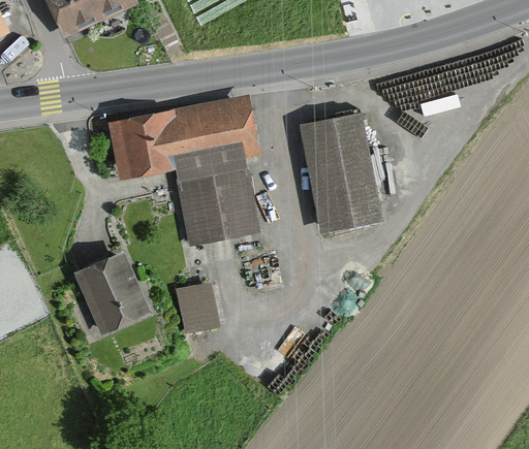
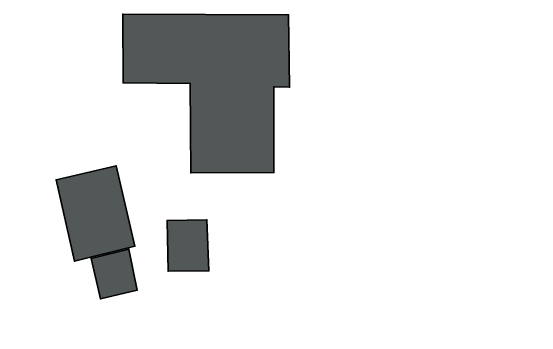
building: [300,115,382,232] -> none
building: none -> [91,249,137,299]

